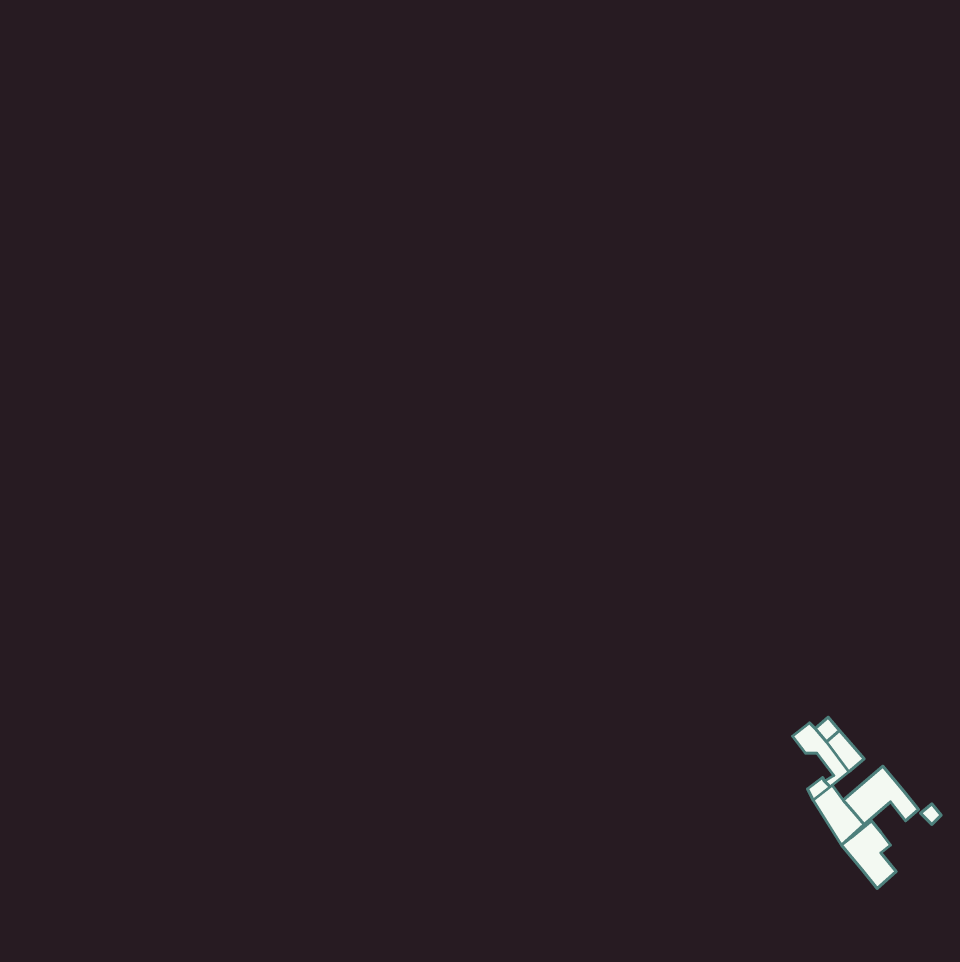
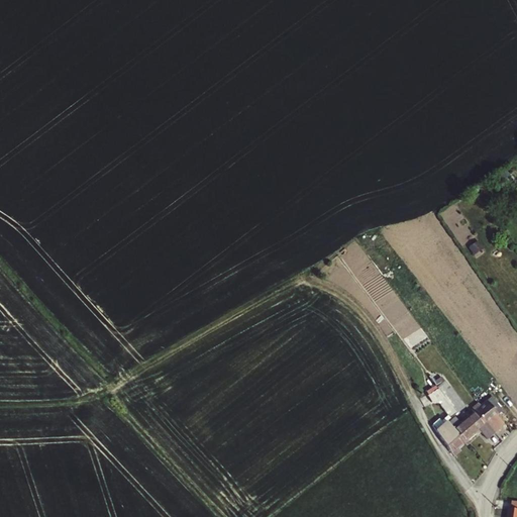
building: [841,821,896,889] -> [475,398,504,434]

